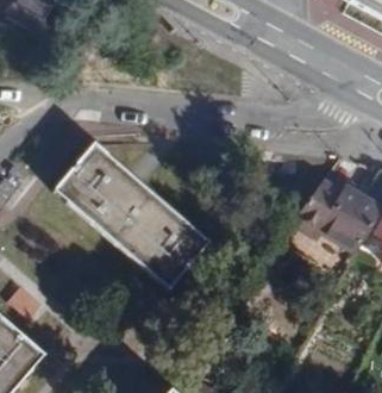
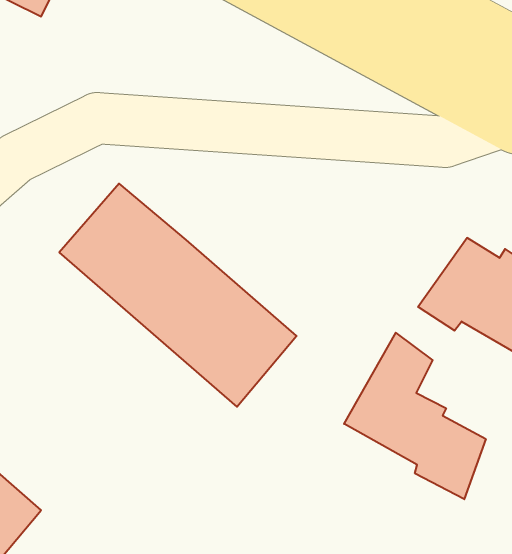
building: none -> [344,333,486,499]

